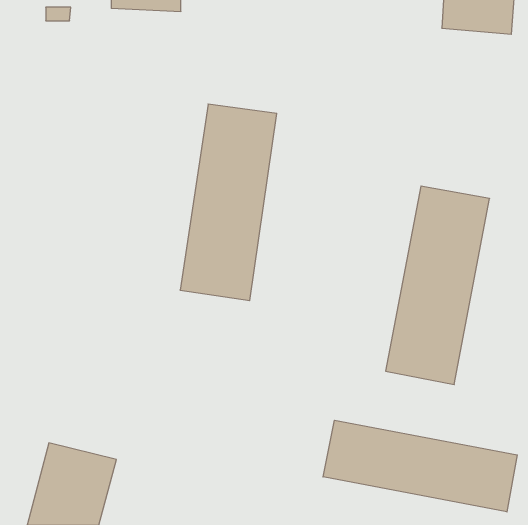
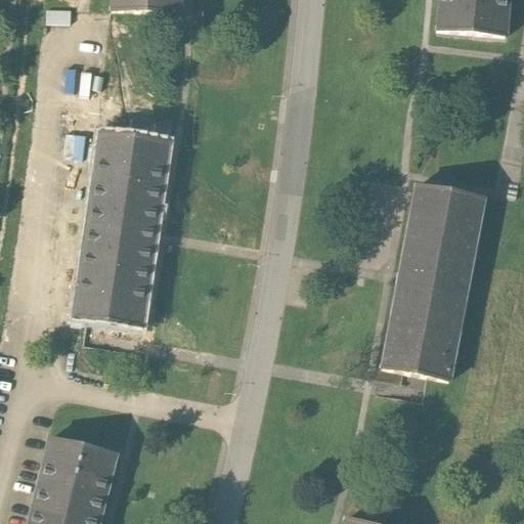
building: [180,104,277,301] -> [75,131,170,324]
building: [323,420,517,512] -> none

